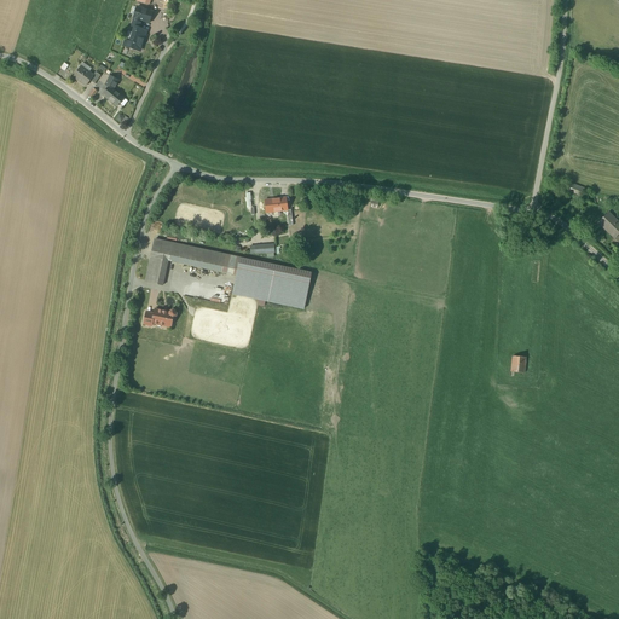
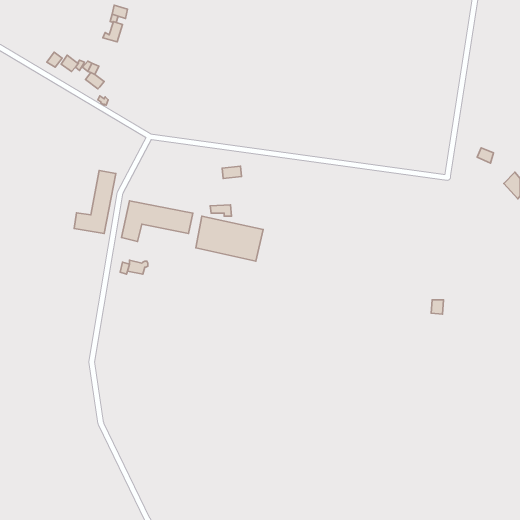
building: none -> [74,171,116,233]

